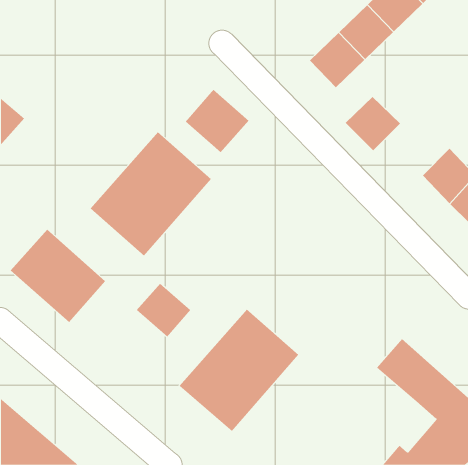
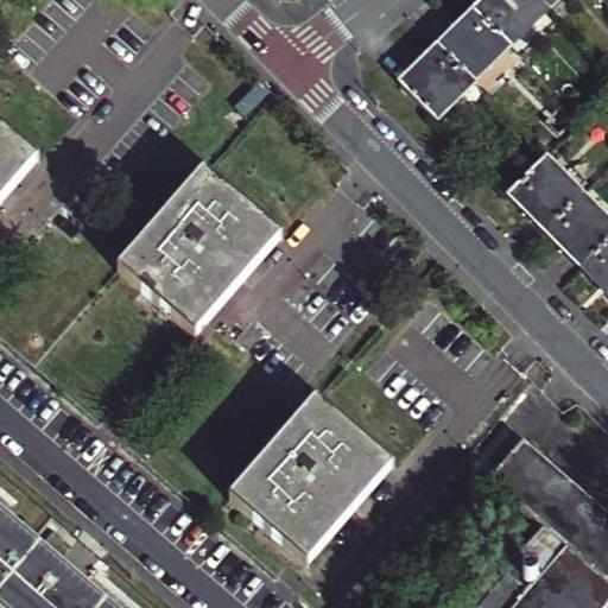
building: [185,89,249,153] -> none
building: [345,96,401,151] -> [511,156,583,227]
building: [10,229,106,323] -> none
building: [136,283,191,337] -> none

